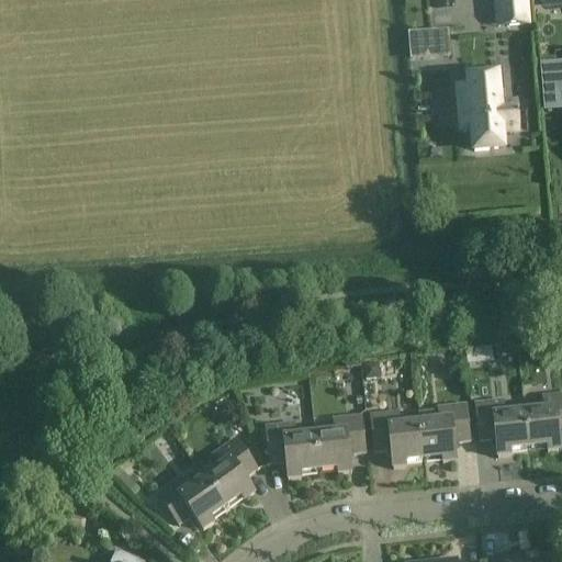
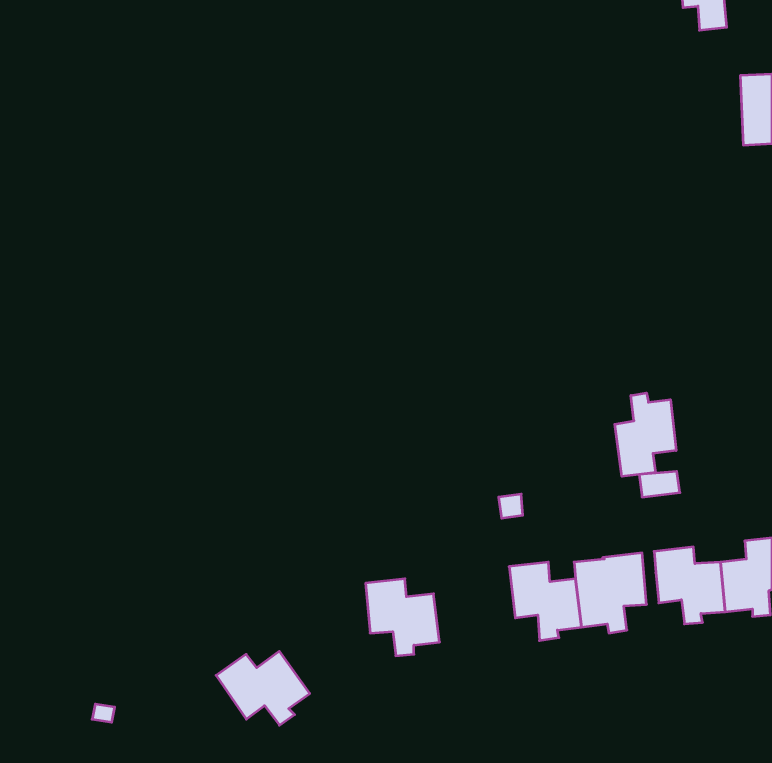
building: [407,25,451,57] -> none
building: [458,66,519,147] -> none
building: none -> [615,393,676,476]
building: [315,413,366,471] -> none
building: [203,435,258,504] -> none

